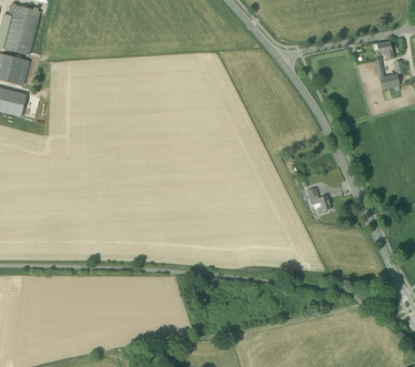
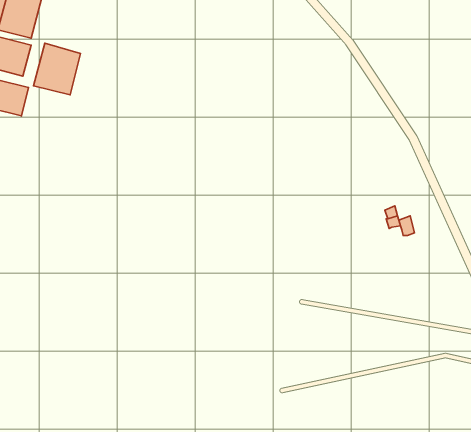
building: none -> [34,43,81,95]

